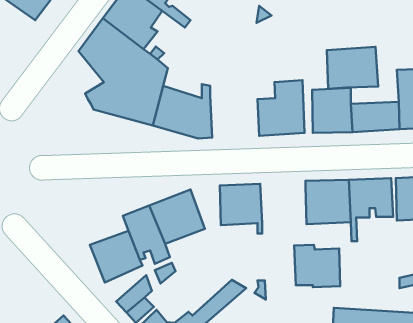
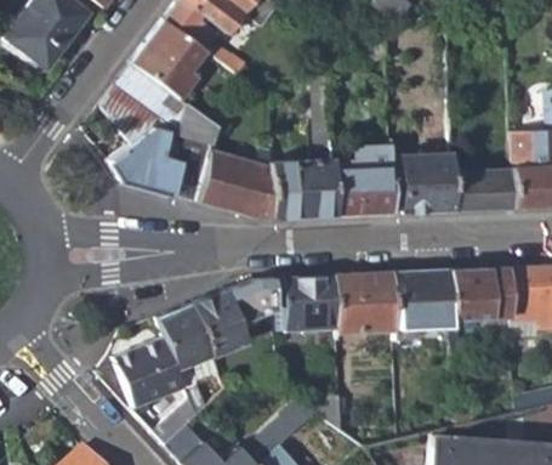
building: [327,47,378,89] -> none
building: none -> [273,159,336,217]
building: [294,245,340,287] -> [337,276,397,330]

